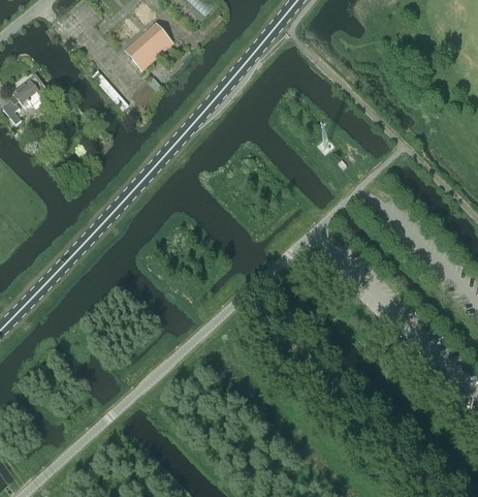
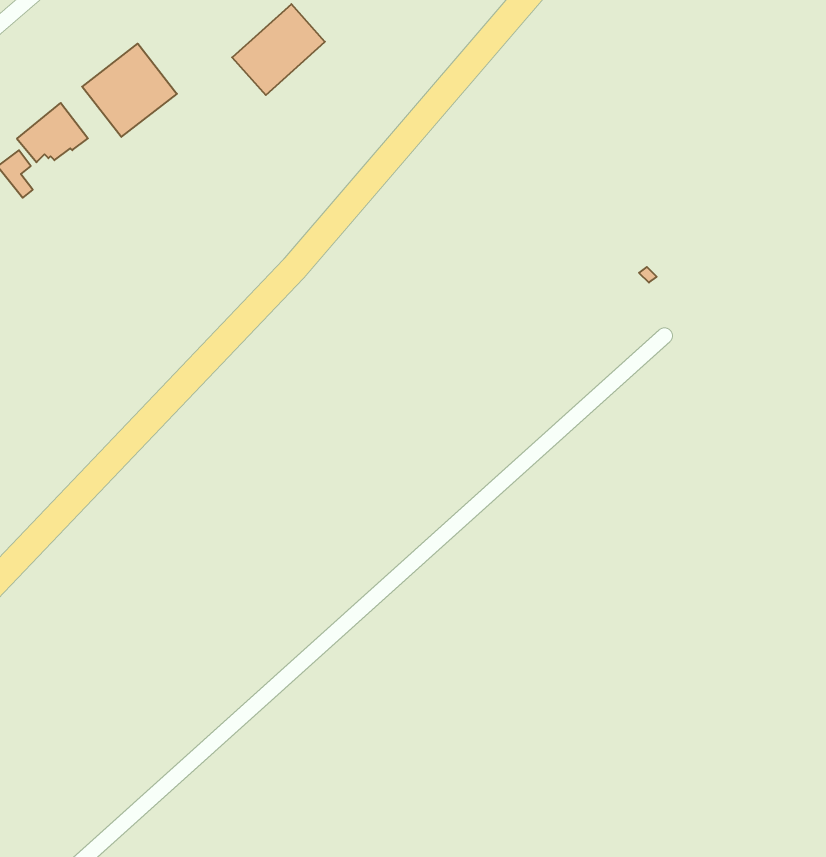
building: none -> [82,44,177,137]

